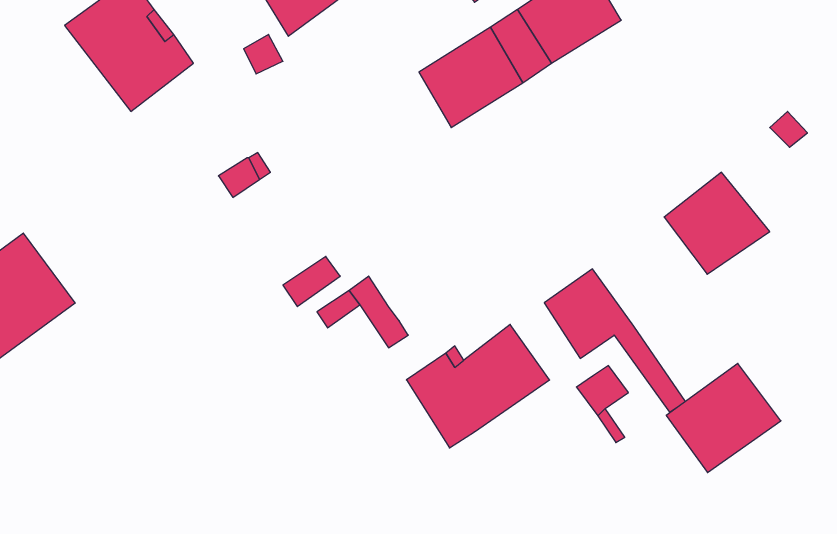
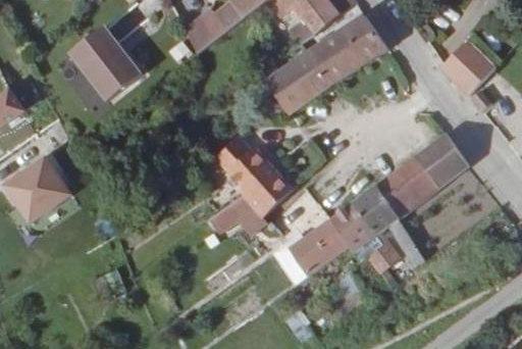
building: none -> [436,39,497,99]
building: none -> [228,138,288,202]
building: none -> [322,205,362,249]
building: [666,363,781,473] -> [369,156,434,218]

